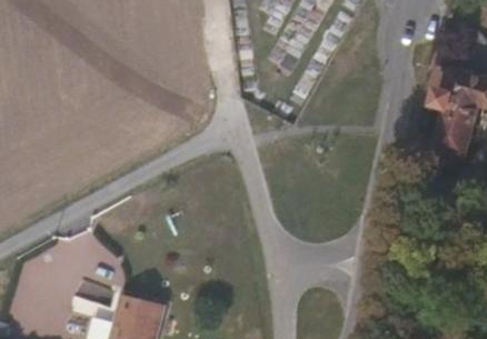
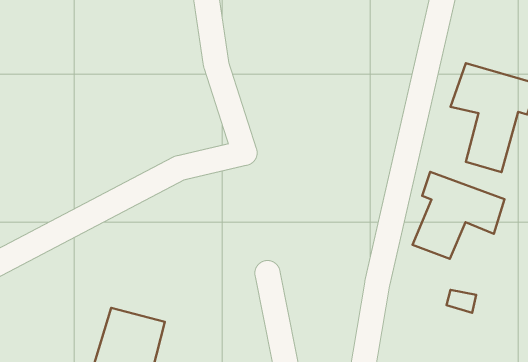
building: none -> [413,172,505,259]

